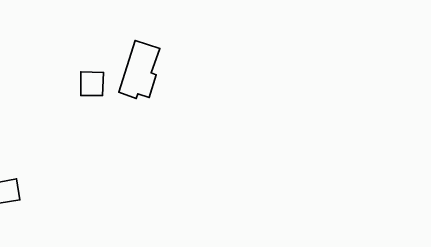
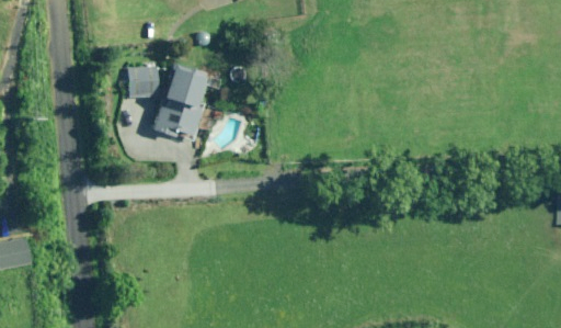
building: [81,72,104,95] -> [131,67,160,97]

